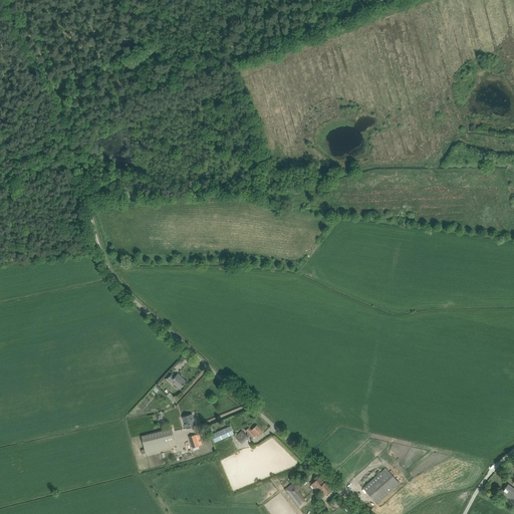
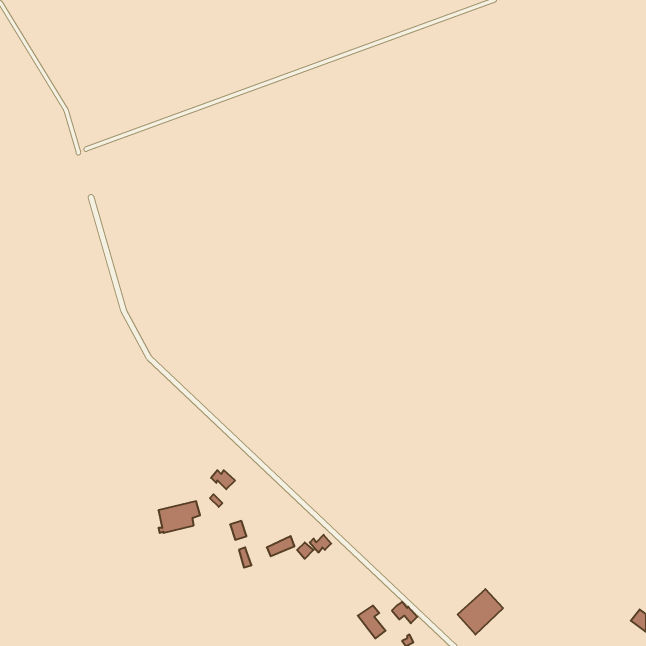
building: [142,429,175,454] -> [158,501,200,533]

